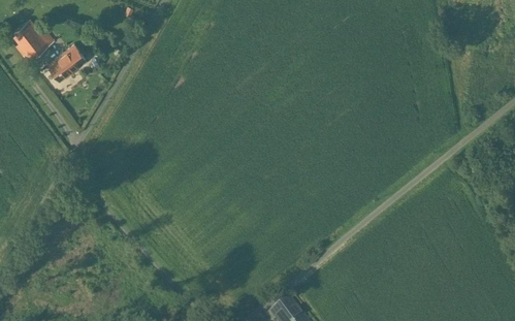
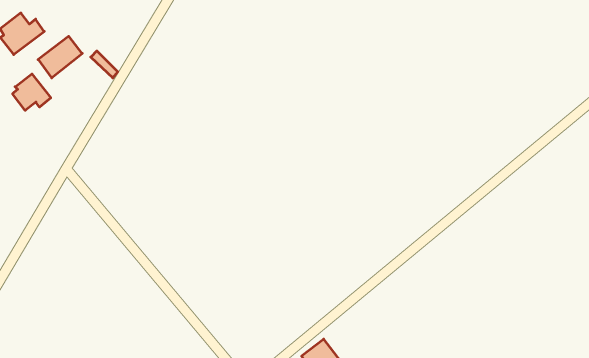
building: none -> [13,74,51,110]

